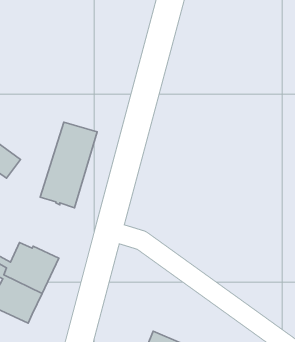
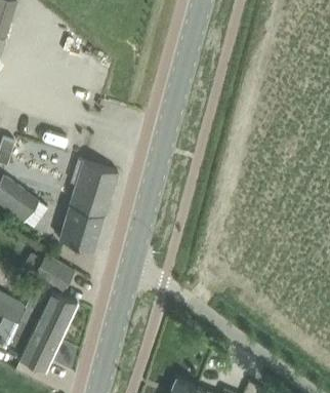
building: none -> [34,253,74,290]

